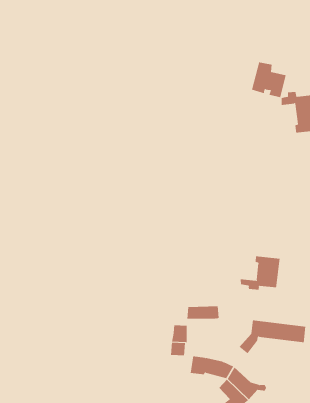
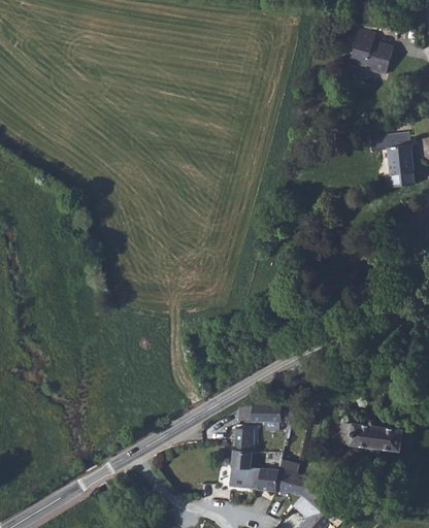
building: [251,62,286,98] -> [350,29,394,74]
building: [240,256,280,291] -> none
building: none -> [230,466,259,489]

